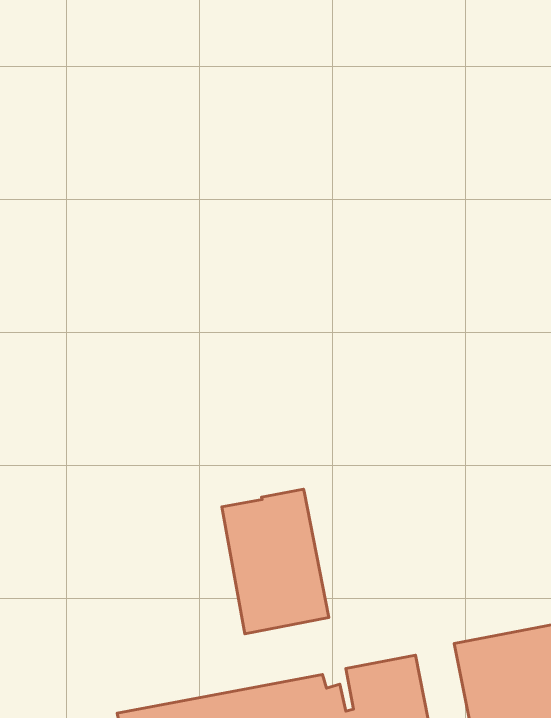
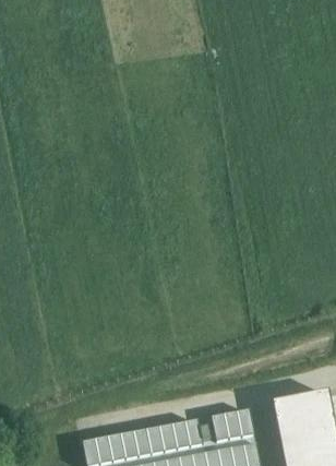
building: [222,489,329,634] -> none

